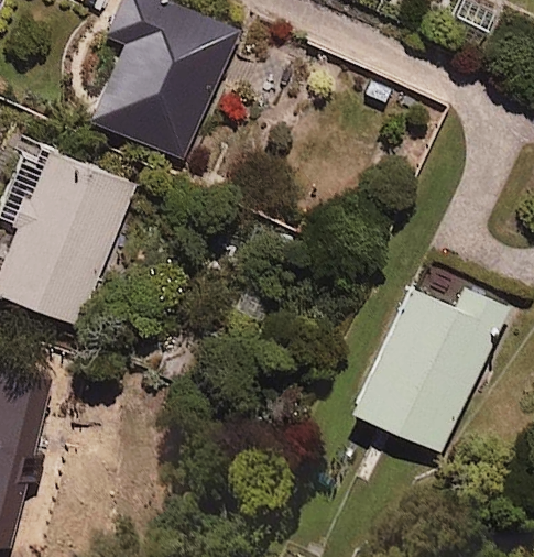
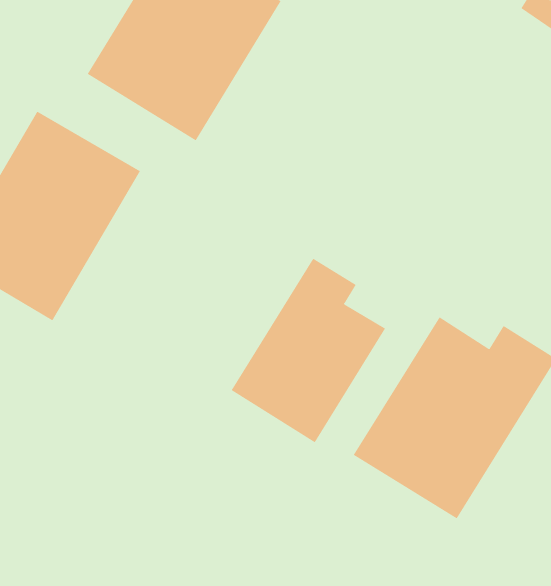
building: none -> [231,258,386,443]

